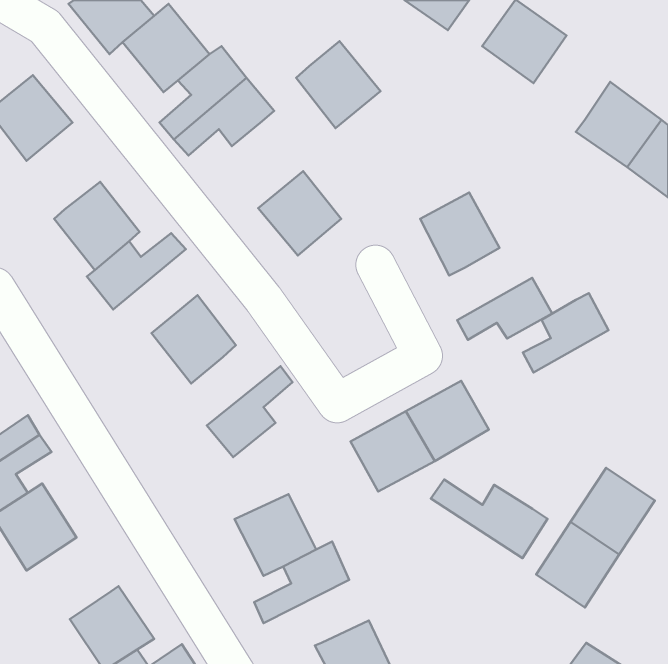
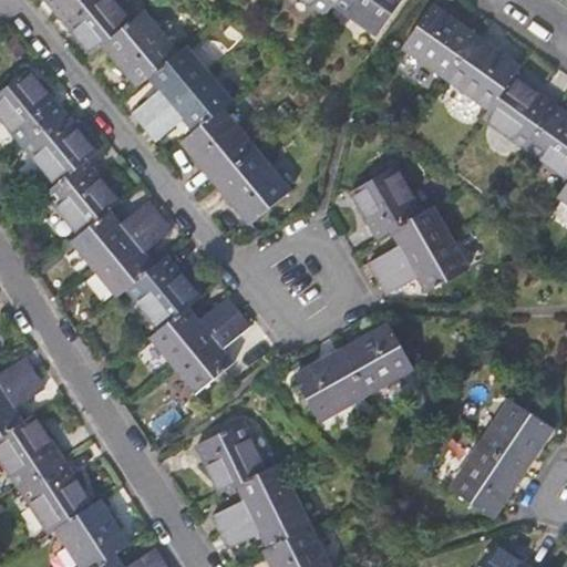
building: none -> [449,38,519,109]
building: [296,41,380,128] -> [184,110,255,183]
building: none -> [22,111,94,184]
building: none -> [95,217,167,296]
building: [523,293,609,372] -> [375,210,447,277]
building: none -> [152,300,236,365]
building: [431,480,547,558] -> none
building: none -> [22,460,93,533]
building: none -> [221,495,310,548]

